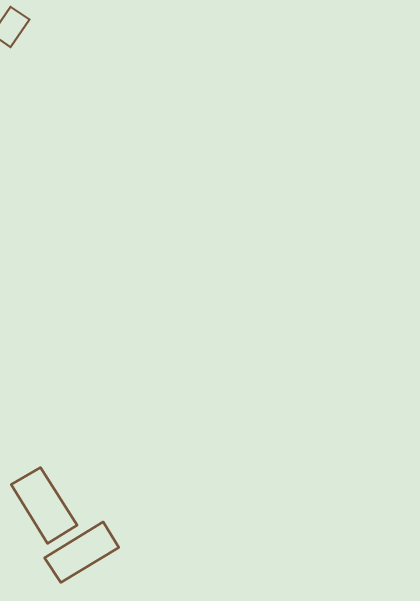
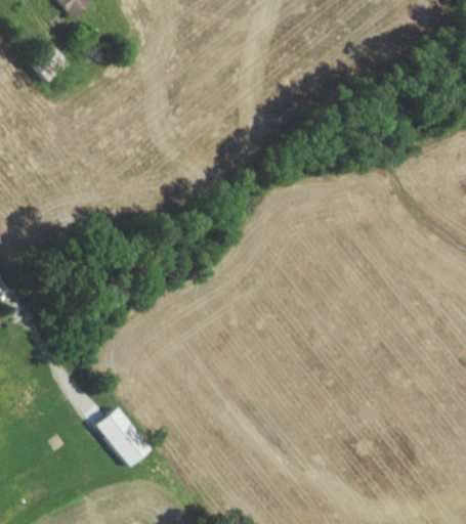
building: [45,522,119,583] -> none

